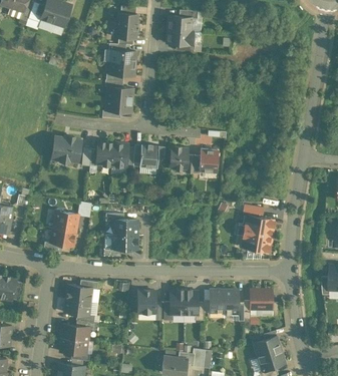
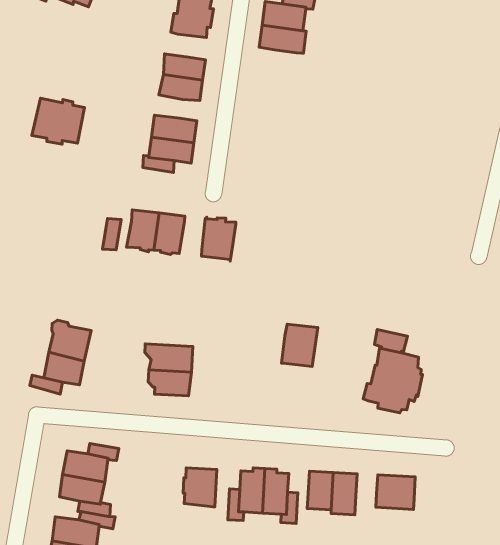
building: [52,136,82,162] -> [32,98,85,144]
building: [170,145,190,170] -> none
building: [200,148,220,172] -> [281,324,318,367]

